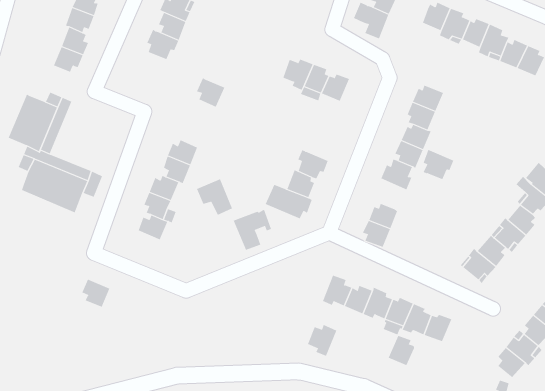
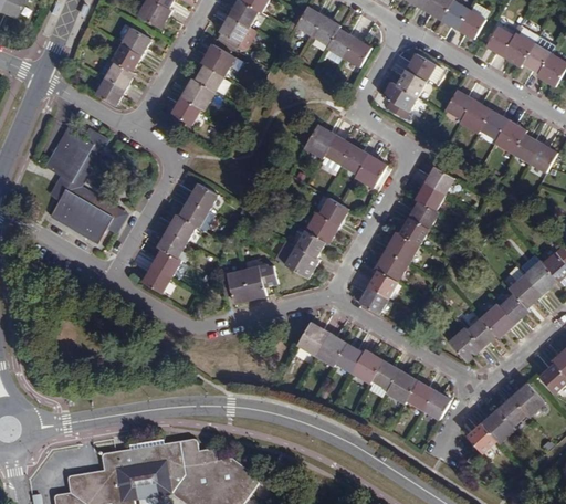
building: [196,78,225,108] -> [172,97,200,127]
building: none -> [356,151,386,182]
building: none -> [318,196,346,225]
building: [423,149,454,180] -> [377,249,408,280]
building: [196,178,233,215] -> [217,269,249,303]
building: [81,279,110,307] -> [143,265,170,294]
building: [307,324,337,357] -> [297,325,327,356]
building: [388,335,415,366] -> [421,390,448,420]

